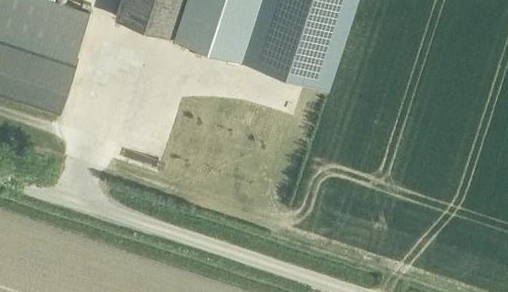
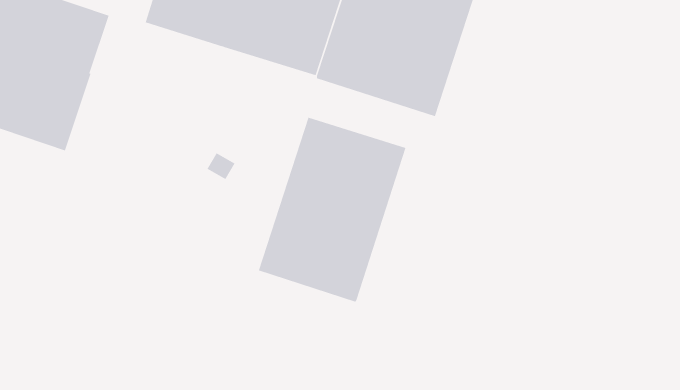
building: none -> [258,117,406,303]

